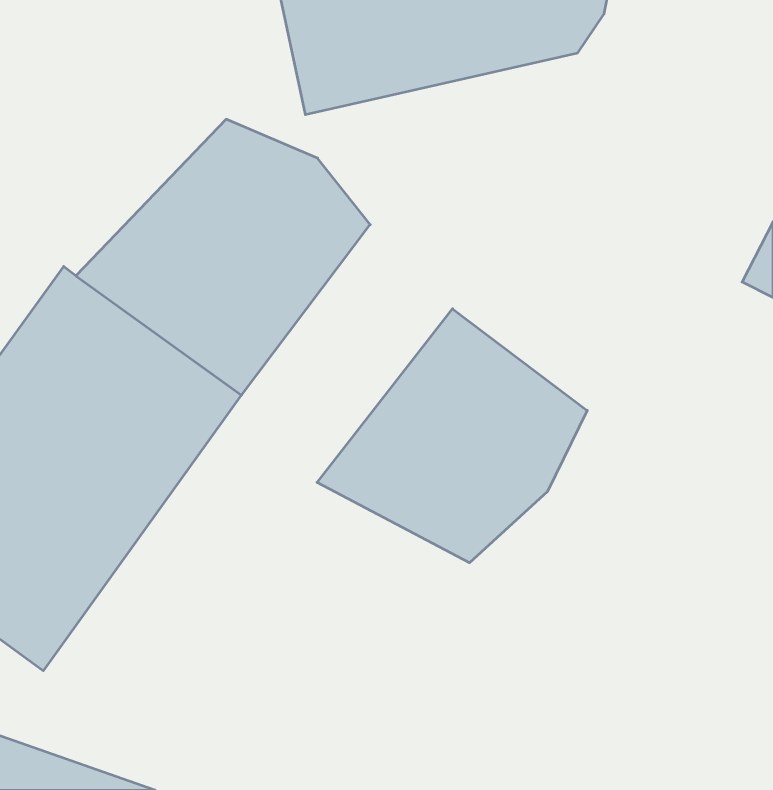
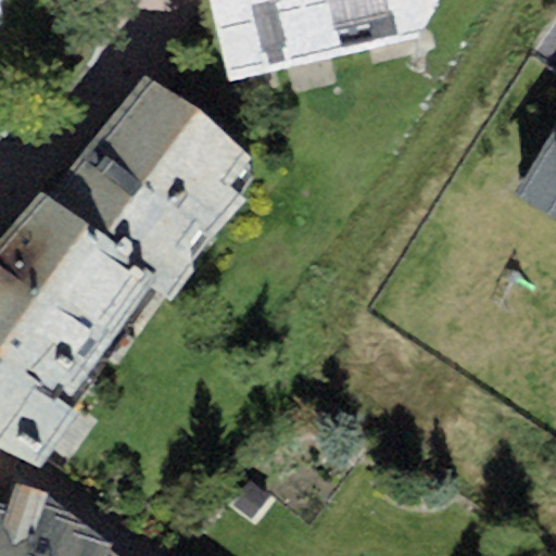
building: [317,309,587,563] -> none

